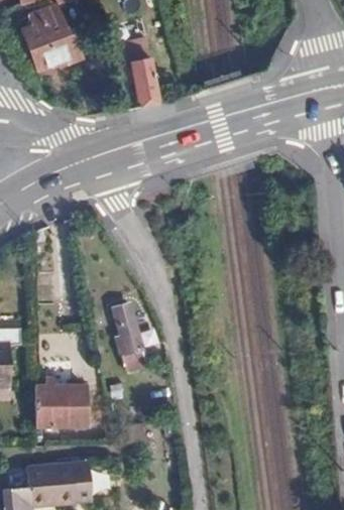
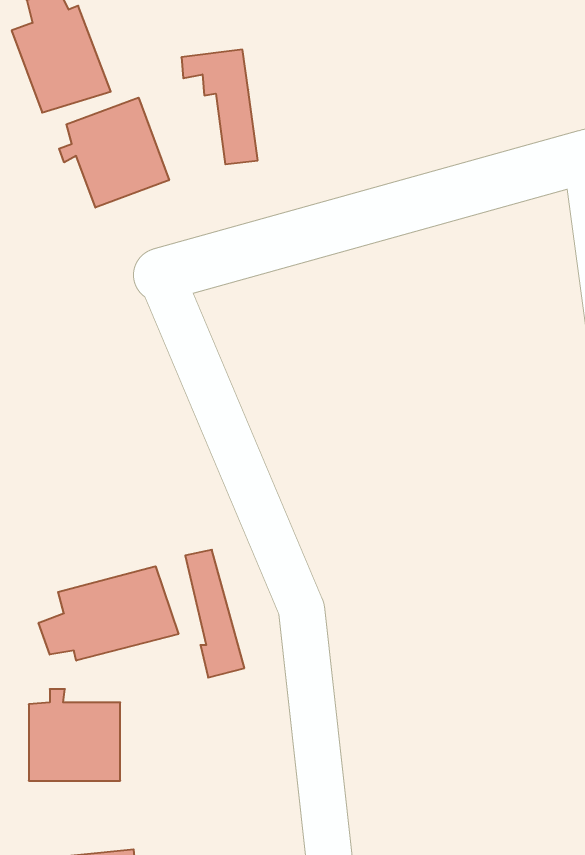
building: none -> [59,98,169,208]
building: none -> [39,566,178,661]

